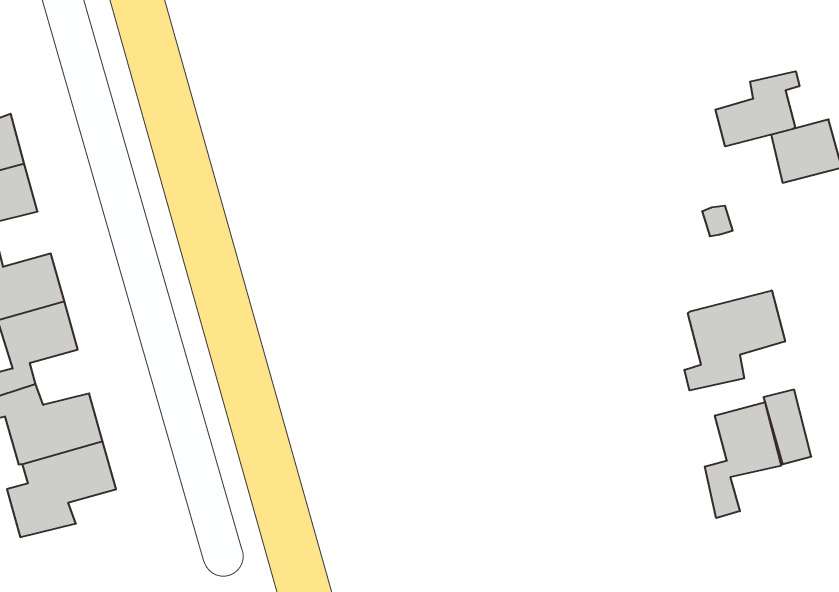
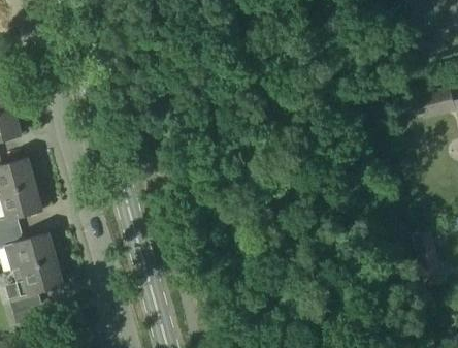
building: [715,71,799,146] -> none
building: [684,290,785,390] -> none
building: [705,402,781,518] -> none

